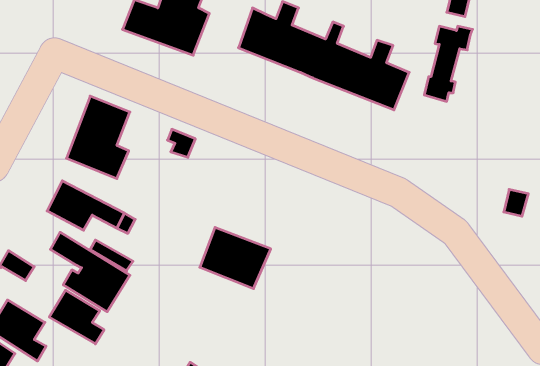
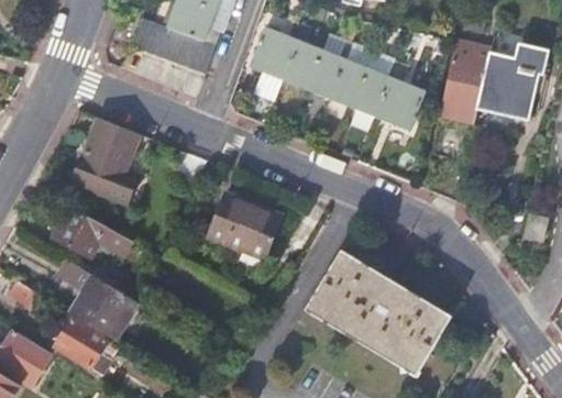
building: none -> [475,52,544,126]
building: none -> [309,250,452,371]
building: [200,227,271,289] -> [208,195,280,257]

